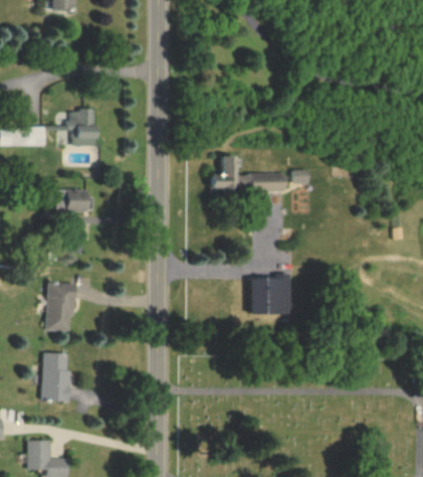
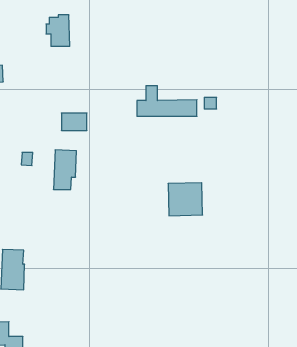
building: [65,110,94,148] -> [46,15,70,46]
building: [55,190,86,211] -> [61,113,87,130]
building: [47,284,75,332] -> [53,150,76,189]

